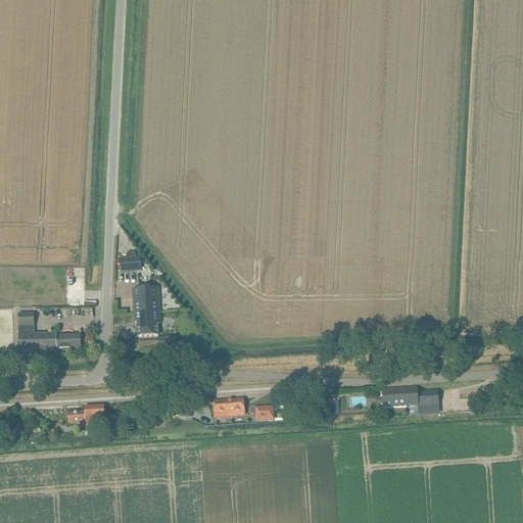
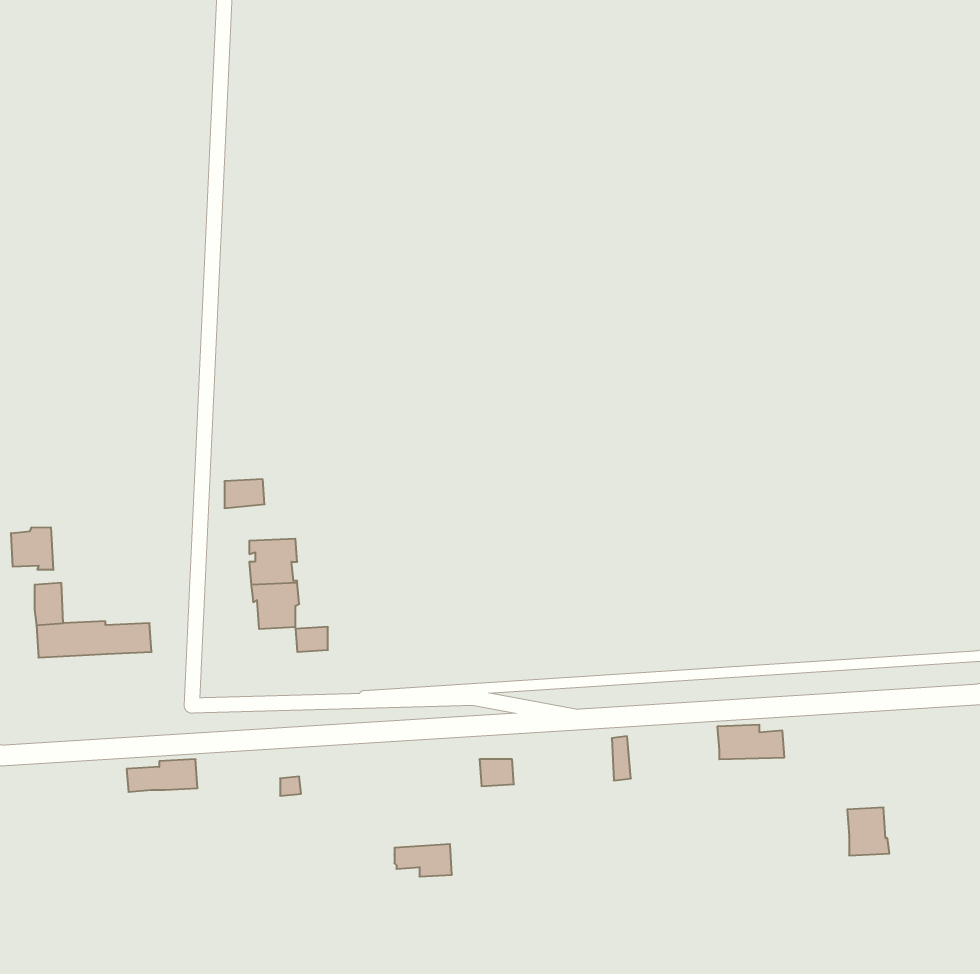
building: none -> [11,527,53,570]
building: [417,388,439,414] -> [847,808,889,855]
building: [213,397,244,415] -> [394,844,452,877]

